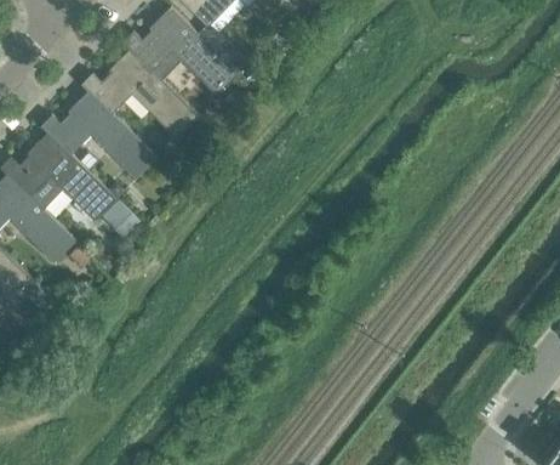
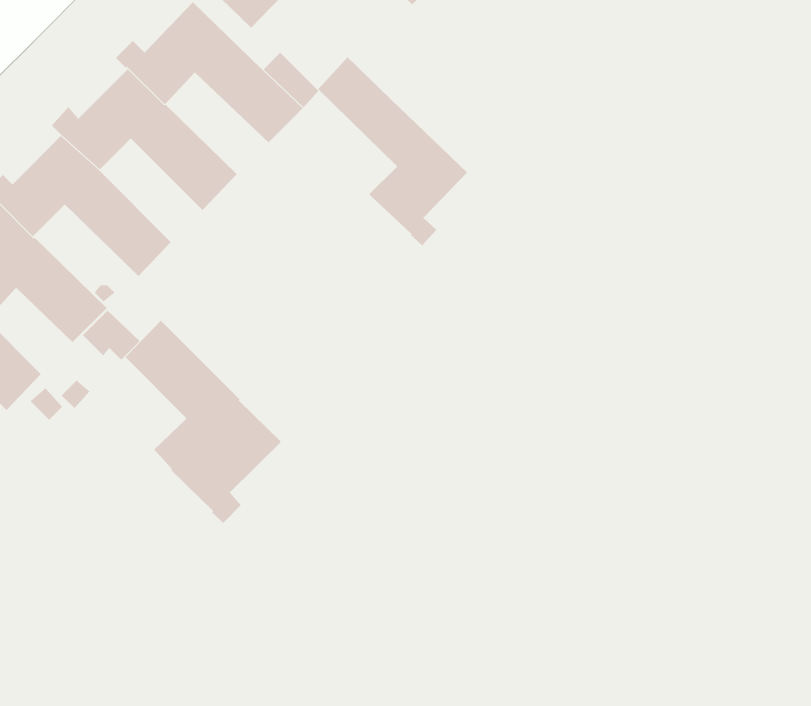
building: none -> [317,57,468,246]
building: none -> [125,320,281,524]

